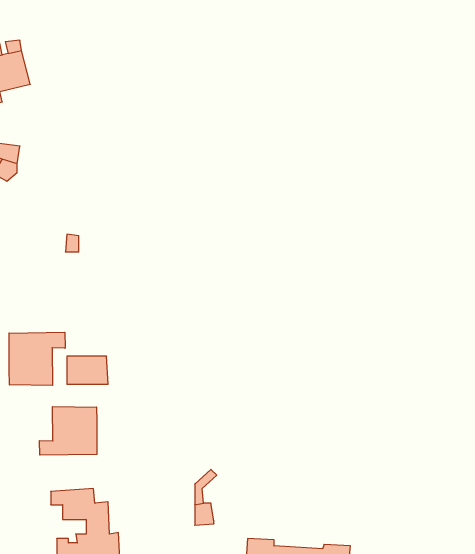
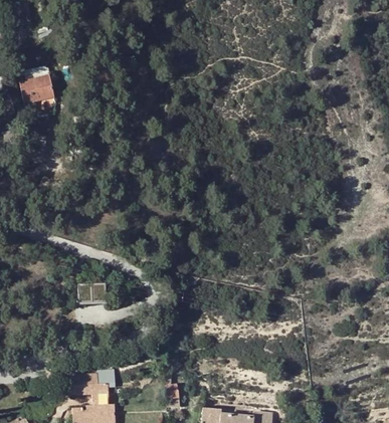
building: [9,332,65,385] -> none
building: [40,407,97,455] -> none

